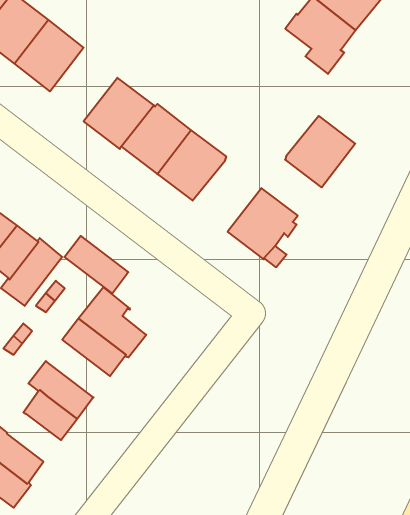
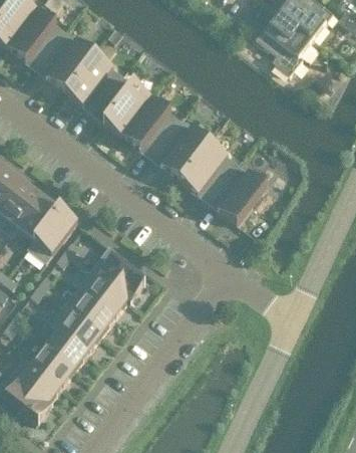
building: none -> [65,52,120,111]
building: [285,116,355,187] -> [180,143,236,200]
building: [64,236,128,294] -> [63,286,114,332]
building: none -> [32,345,74,384]

